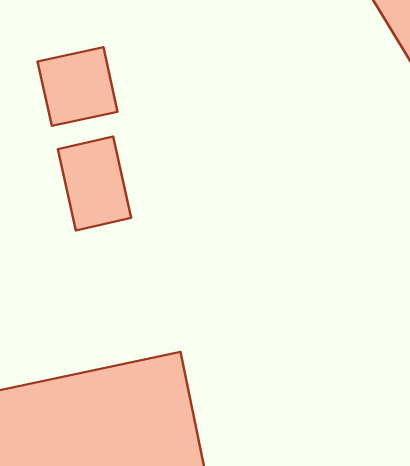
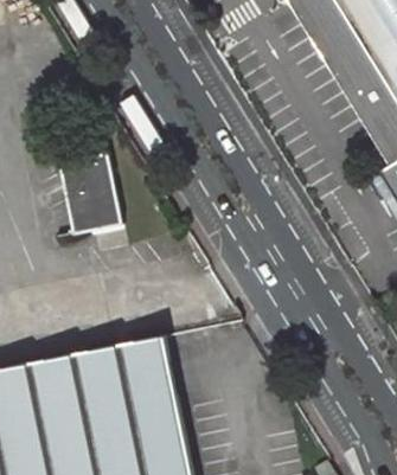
building: [38,47,118,126] -> none

